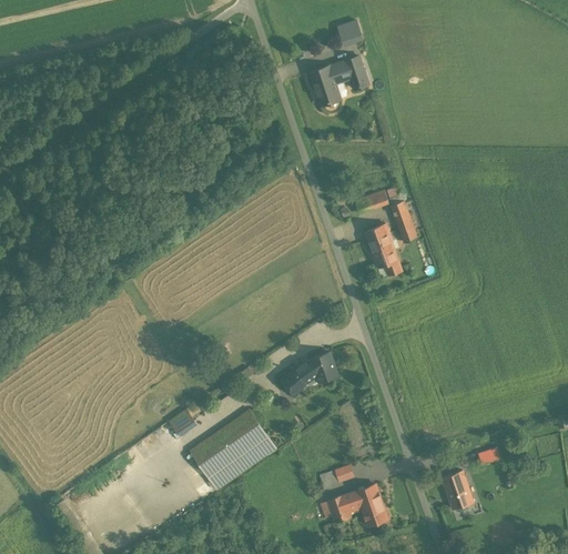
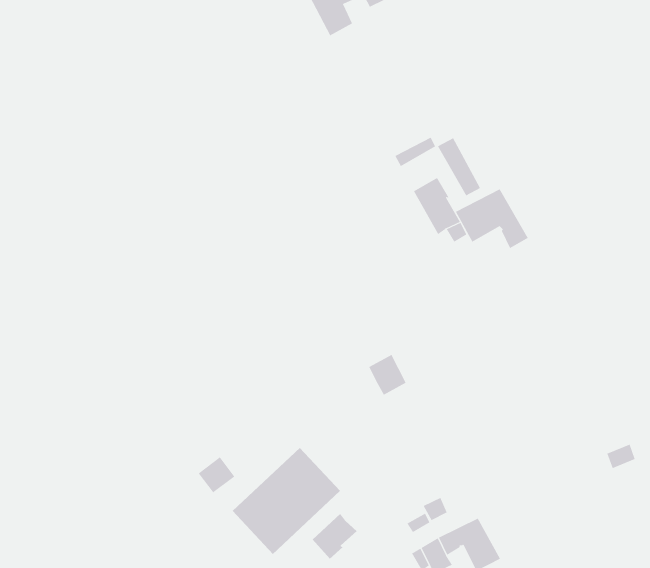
building: none -> [455,189,528,249]
building: [283,359,315,394] -> none
building: none -> [312,513,358,559]
building: [443,471,474,510] -> none

